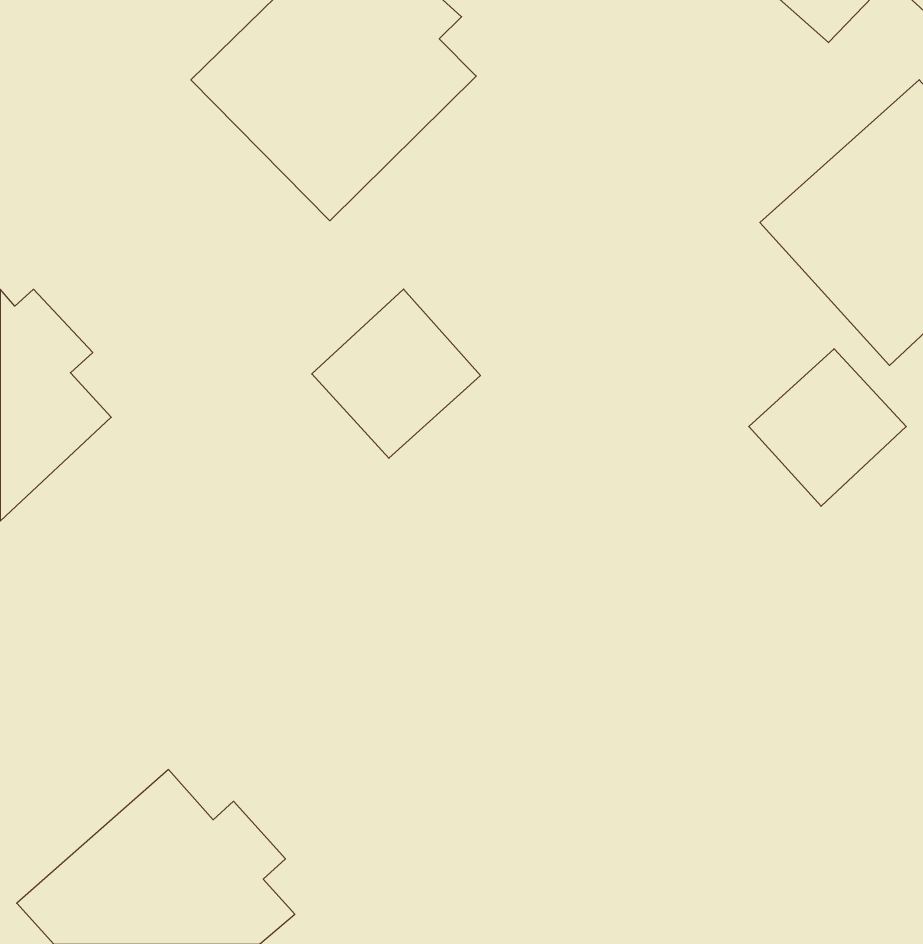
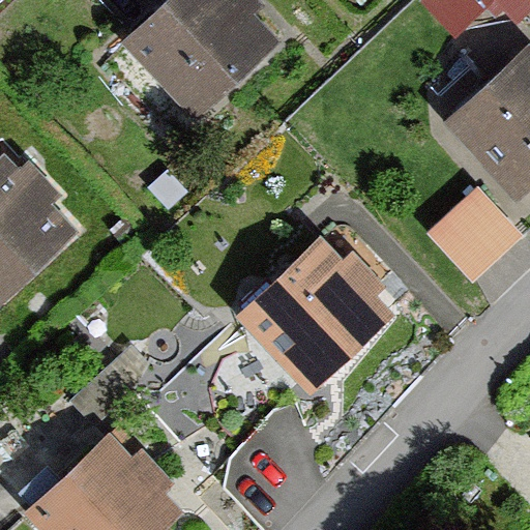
building: [312,289,480,458] -> none
building: none -> [232,237,394,396]

